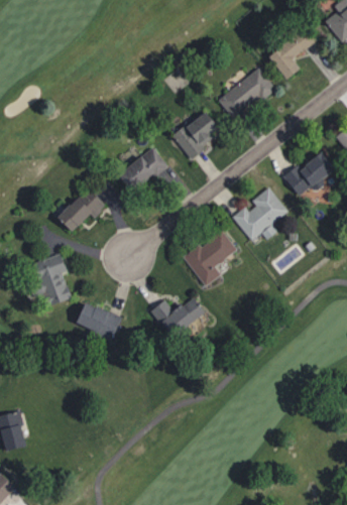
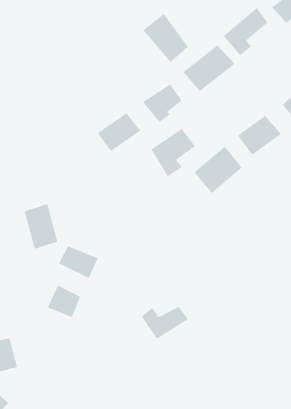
building: none -> [143,13,189,63]
building: [52,187,105,235] -> none
building: [184,229,237,286] -> [150,128,196,177]
building: [151,298,208,338] -> [141,306,189,340]
building: none -> [47,285,81,318]

